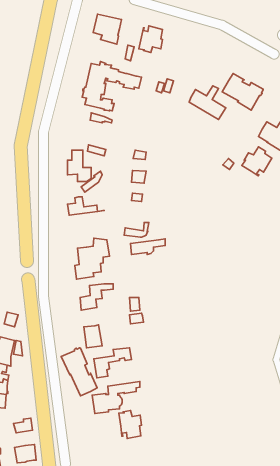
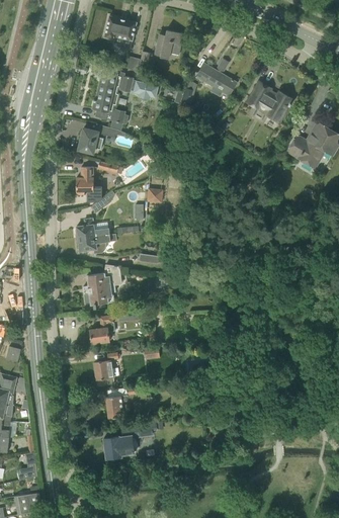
building: [189,86,226,120] -> [196,59,237,96]
building: none -> [78,127,103,154]
building: [242,147,272,176] -> none
building: [131,239,165,254] -> [78,234,116,251]
building: [61,348,97,396] -> none
building: [119,410,141,439] -> none

